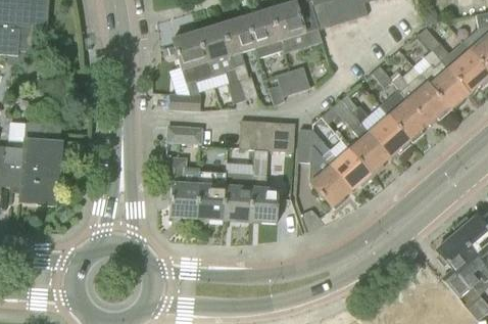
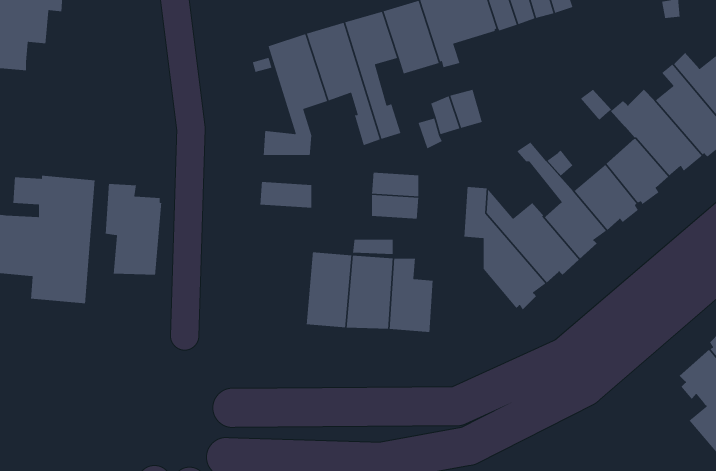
building: [269,122,295,151] -> none
building: [164,158,201,218] -> [105,183,162,276]

